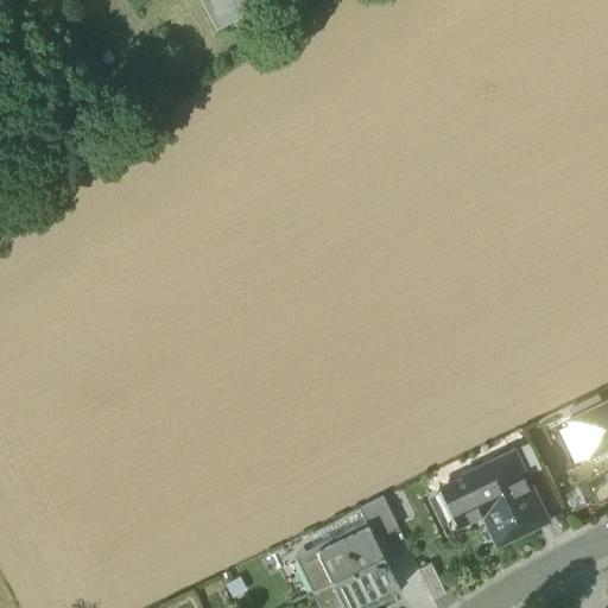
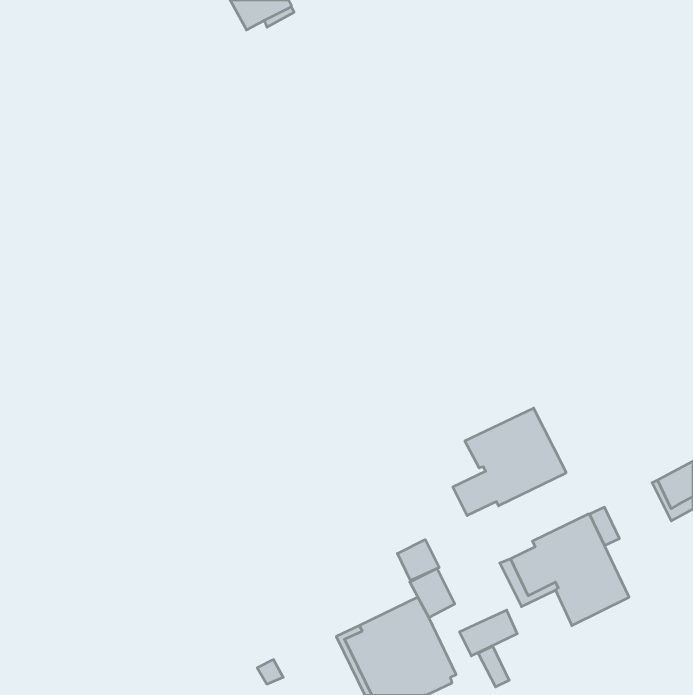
building: none -> [453,408,566,516]
building: none -> [397,540,439,581]
building: none -> [460,610,517,656]

